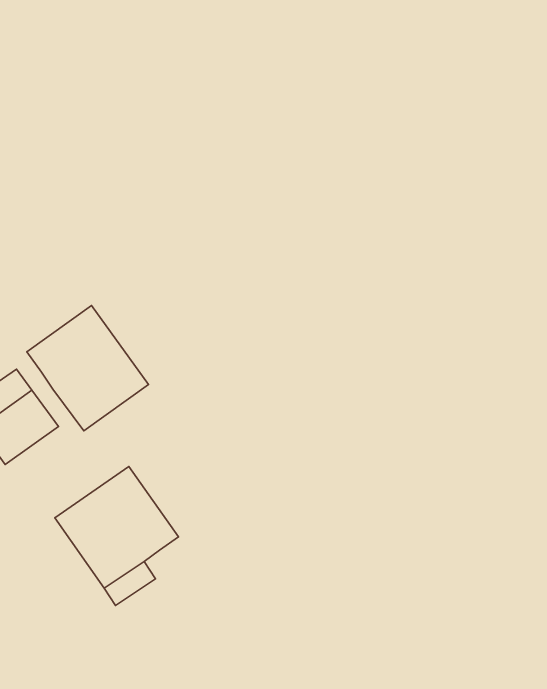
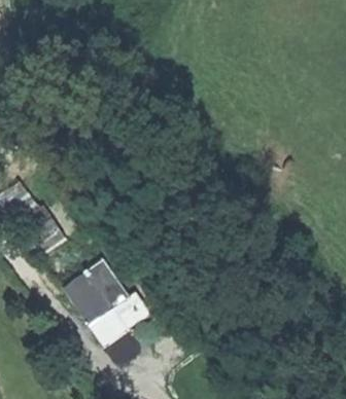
building: [27,306,149,431] -> none

